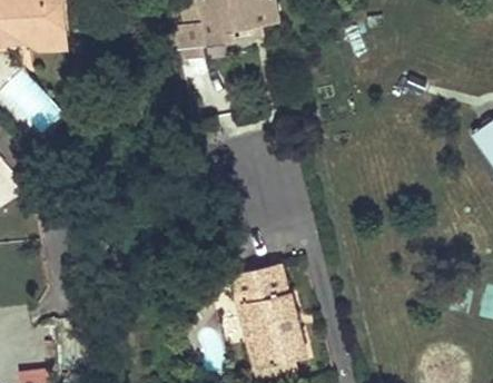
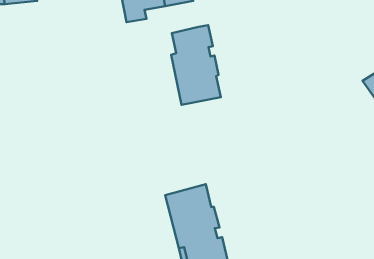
building: none -> [171,25,221,105]

